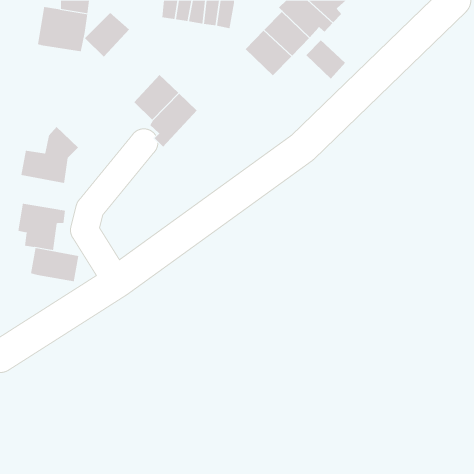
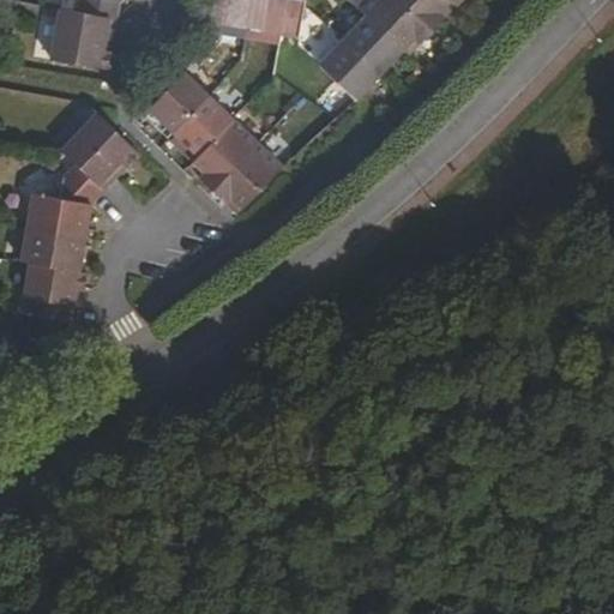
building: [84,12,130,57] -> [148,73,206,132]
building: [306,39,346,79] -> none
building: none -> [61,114,137,191]
building: none -> [211,143,282,207]
building: [30,247,79,282] -> [20,227,84,271]

